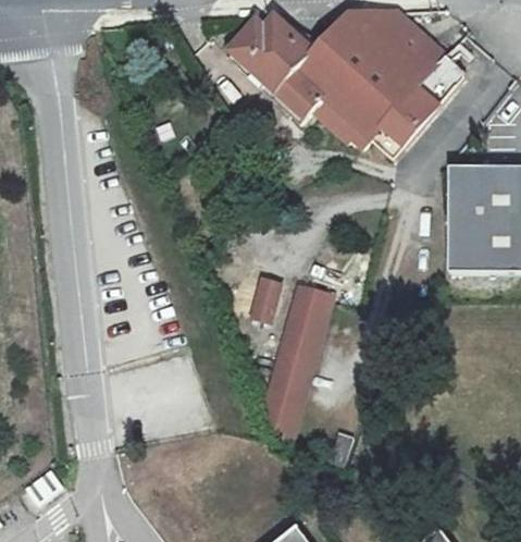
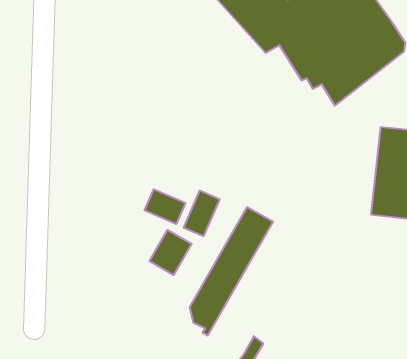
building: none -> [145,189,185,224]
building: none -> [149,230,192,275]

